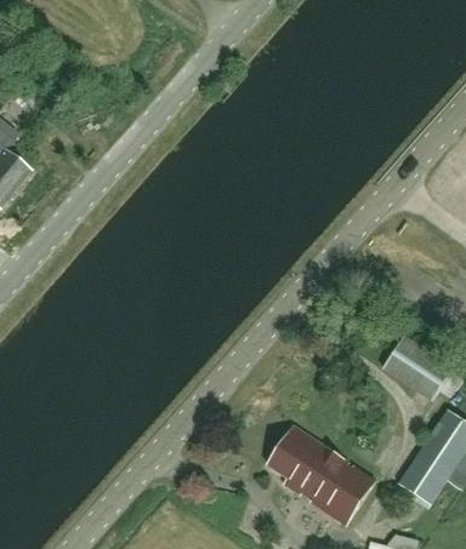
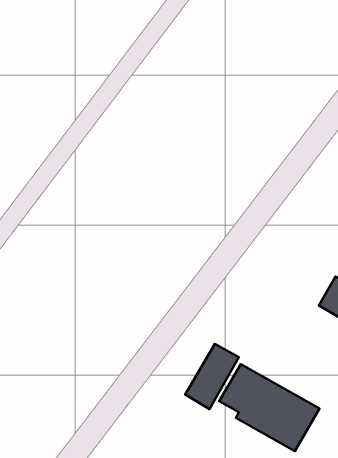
building: none -> [185,344,239,409]

